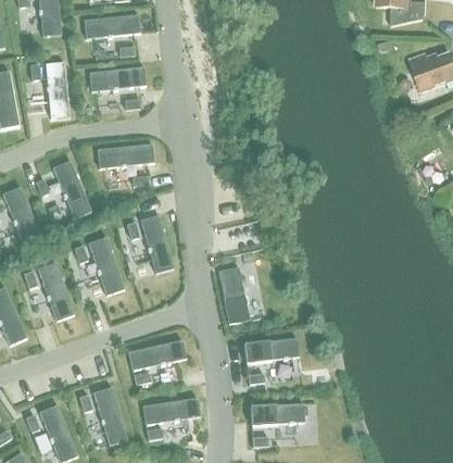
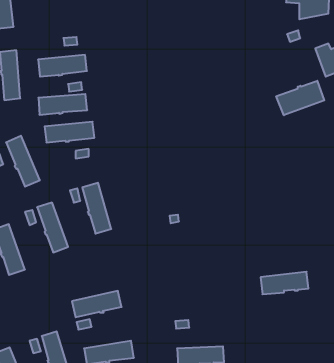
building: [84,14,140,38] -> [38,94,87,115]
building: none -> [276,81,324,115]
building: [218,266,249,325] -> none
building: [243,337,299,363] -> [261,272,308,294]

